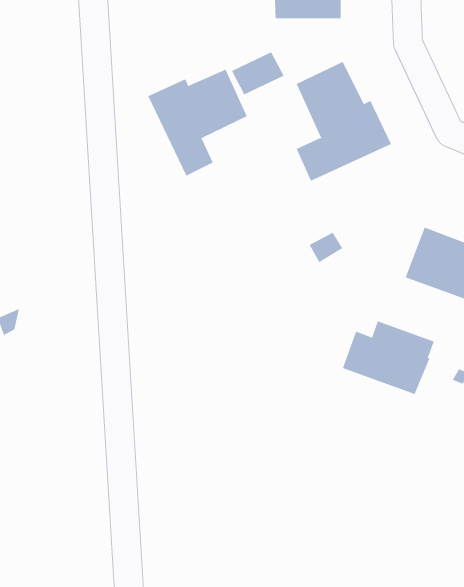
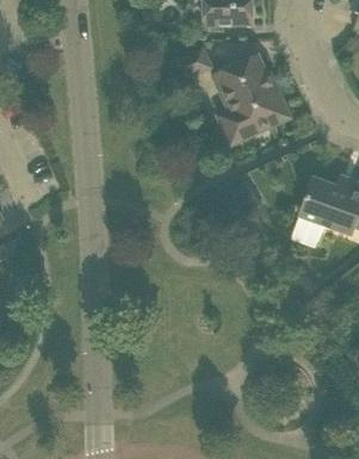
building: [148,69,248,176] -> none
building: [342,320,434,395] -> none

